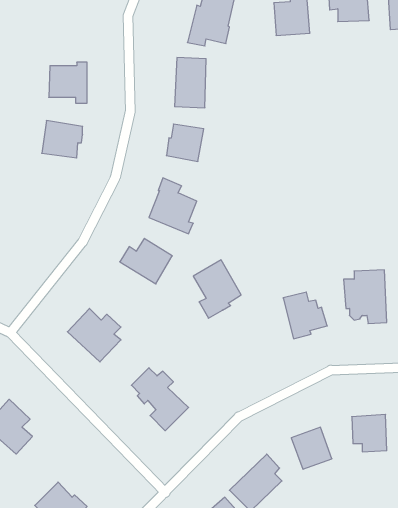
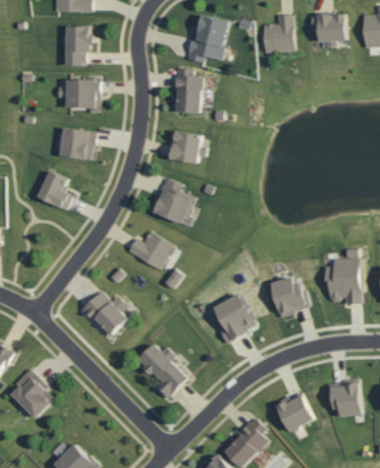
building: none -> [64,27,91,65]
building: none -> [36,170,70,210]
building: [193,260,241,318] -> [212,293,254,344]

